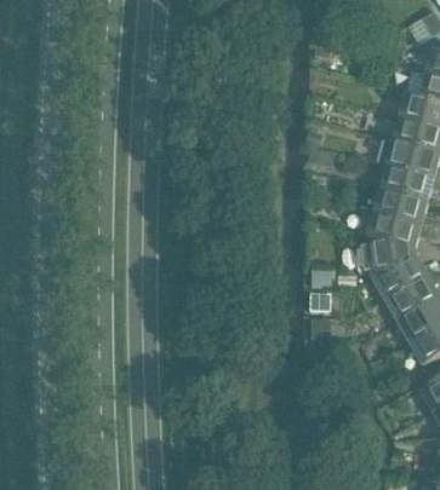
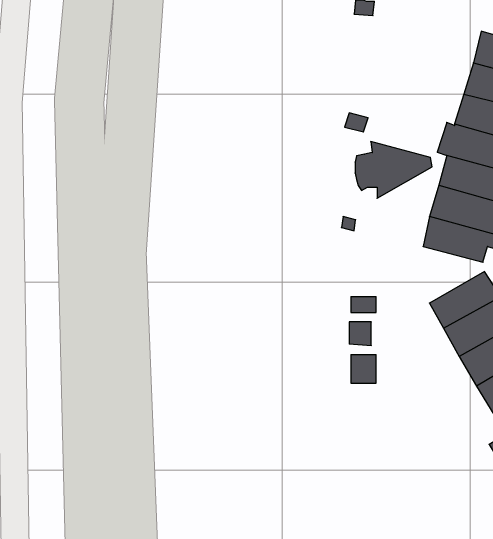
building: [359,234,418,277] -> [355,142,432,198]

